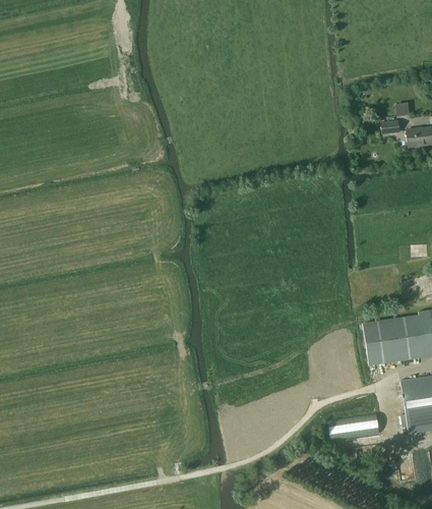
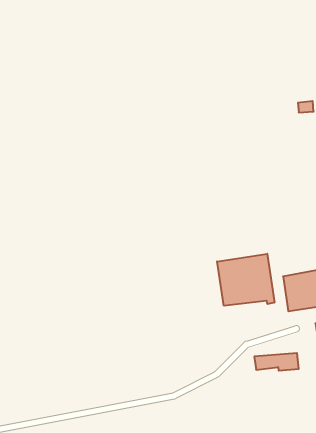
building: none -> [217,254,274,306]

